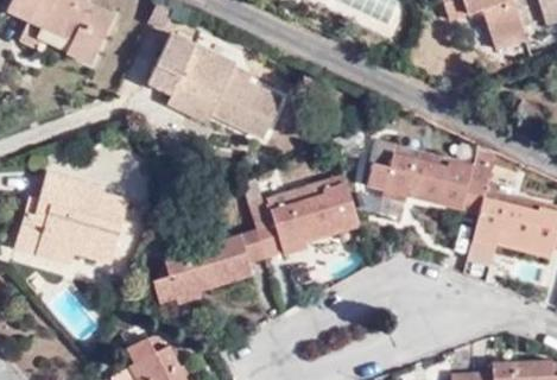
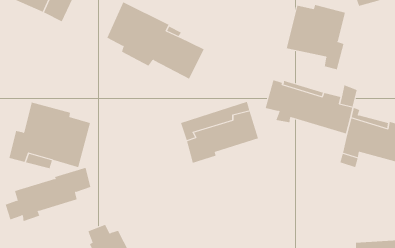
building: none -> [286,4,346,70]
building: [150,227,268,302] -> [5,167,91,222]

